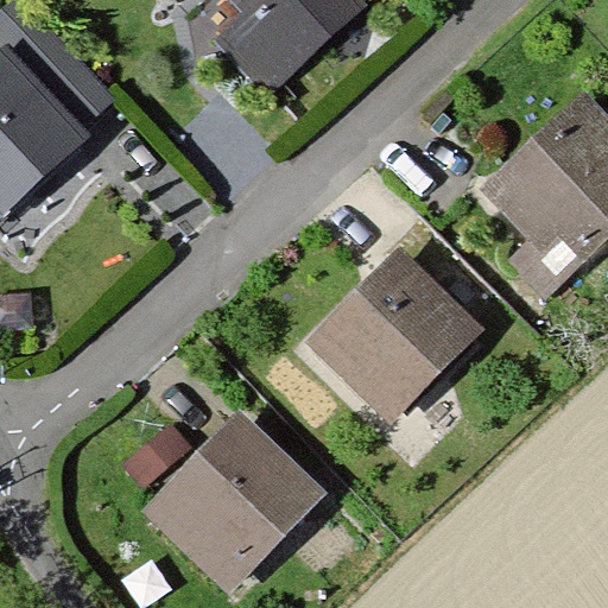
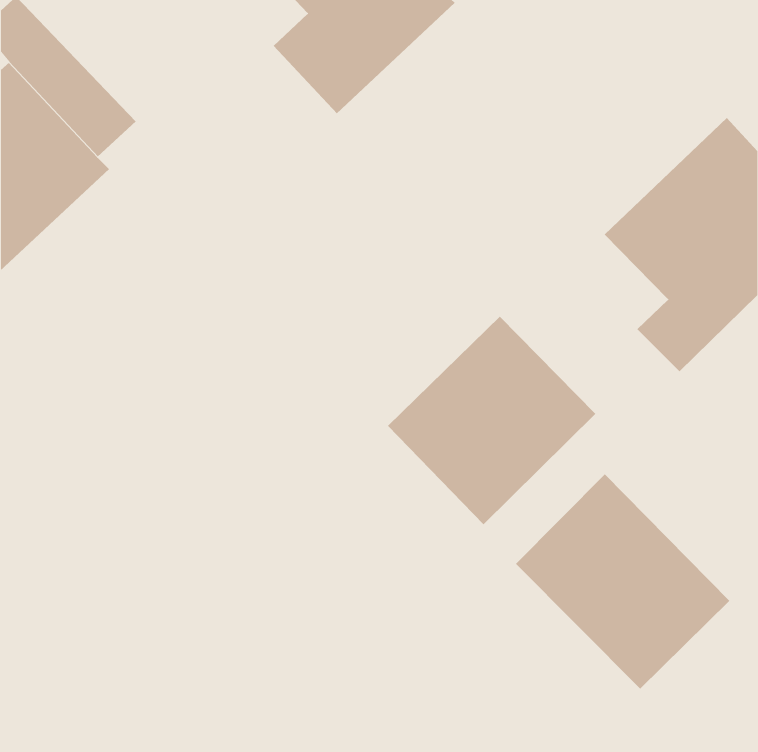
building: none -> [515,474,730,690]
building: [144,414,319,590] -> none

